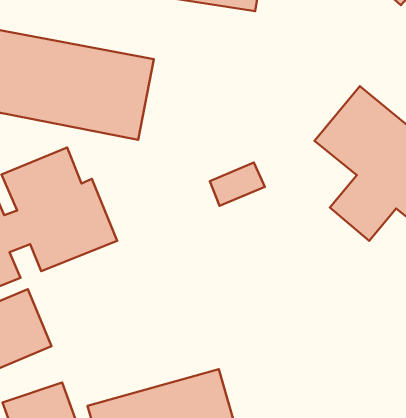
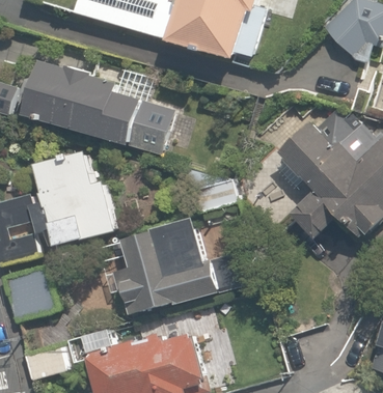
building: none -> [114,216,234,314]

